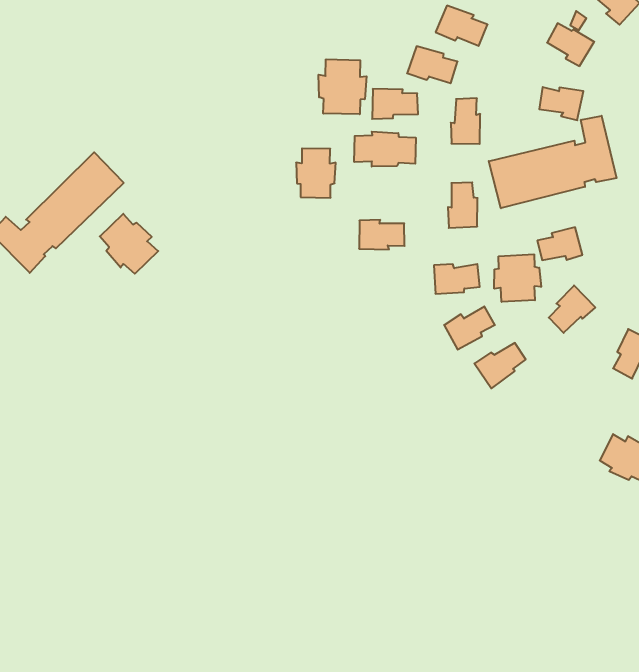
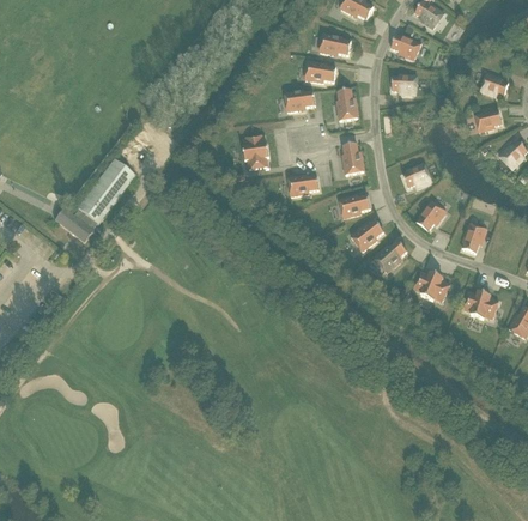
building: [319,59,367,114] -> none
building: [489,116,617,208] -> none
building: [354,132,416,167] -> none
building: [100,214,158,274] -> none
building: [494,254,541,302] -> none
building: none -> [413,271,449,301]

